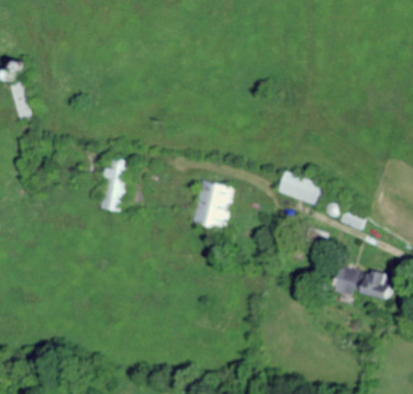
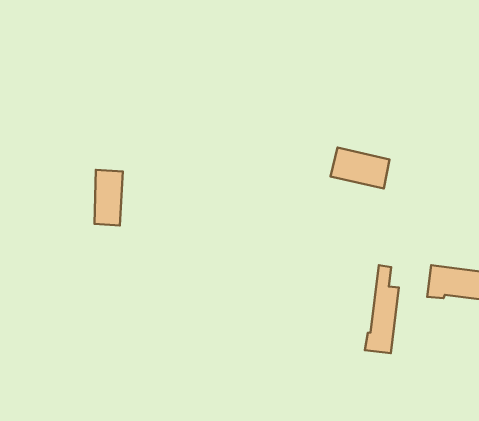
building: [190,179,231,227] -> none
building: none -> [365,265,399,353]

